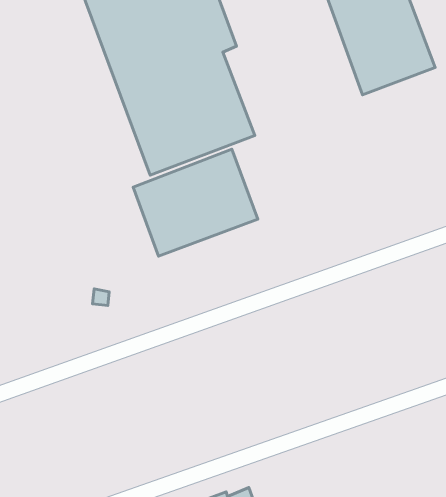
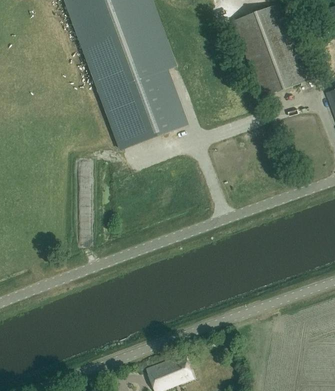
building: [133,149,258,256] -> none

